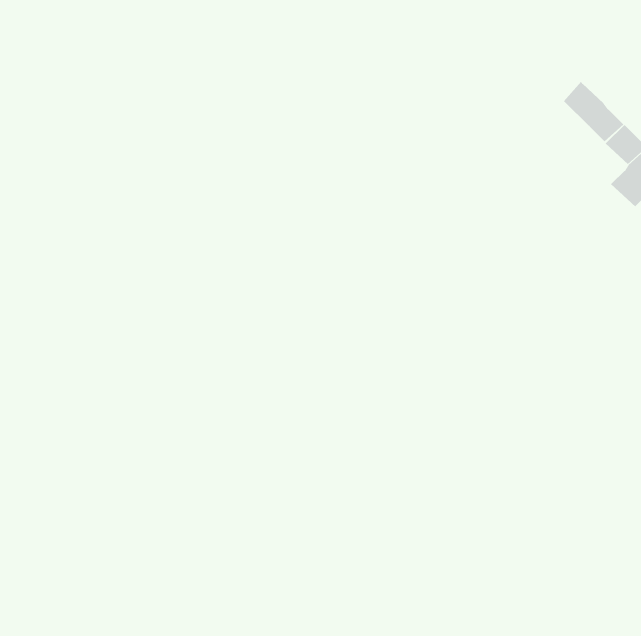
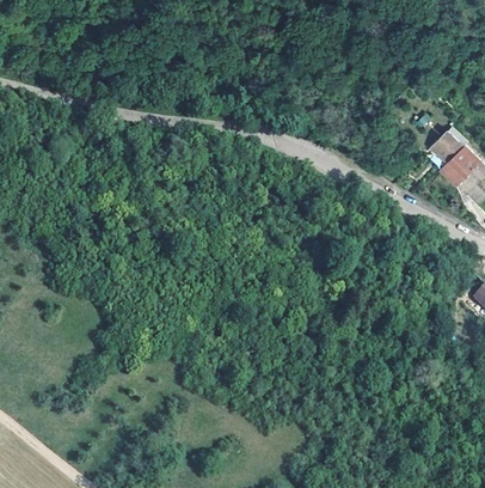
building: [563,81,624,142] -> none

